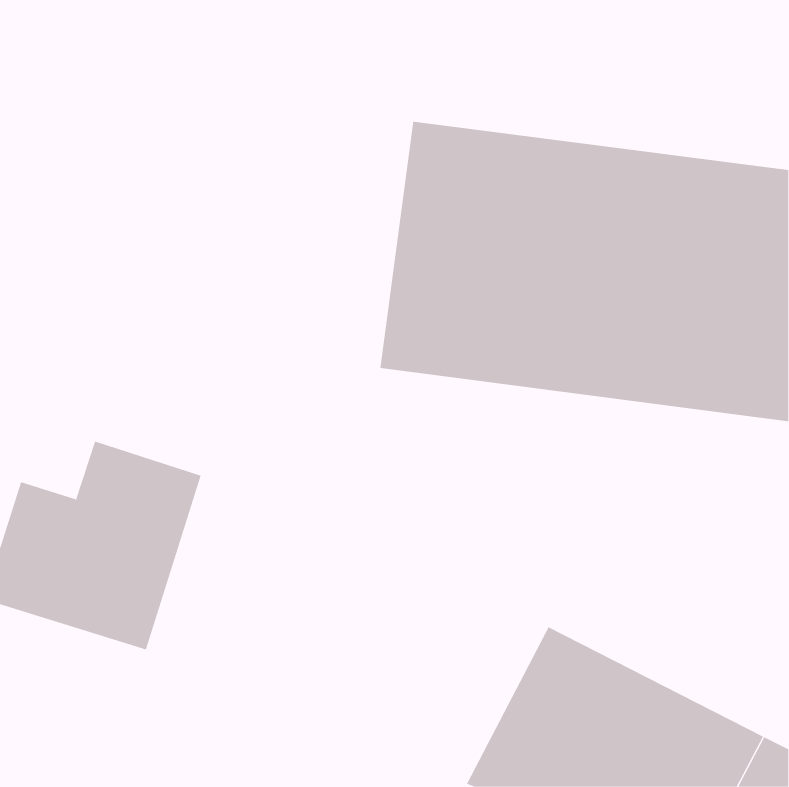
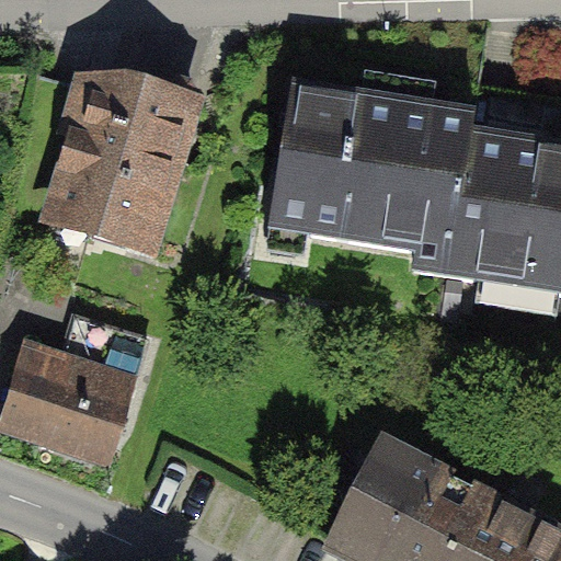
building: none -> [53,71,209,257]

